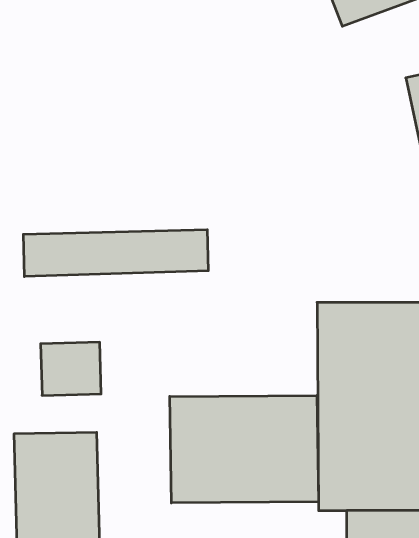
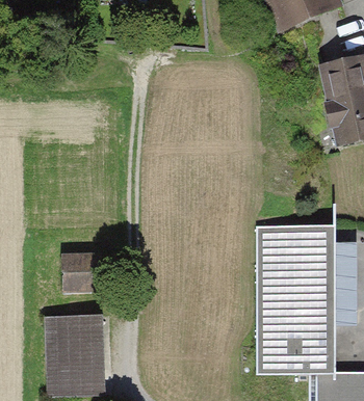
building: [23,230,208,277] -> none
building: [170,395,318,503] -> none

